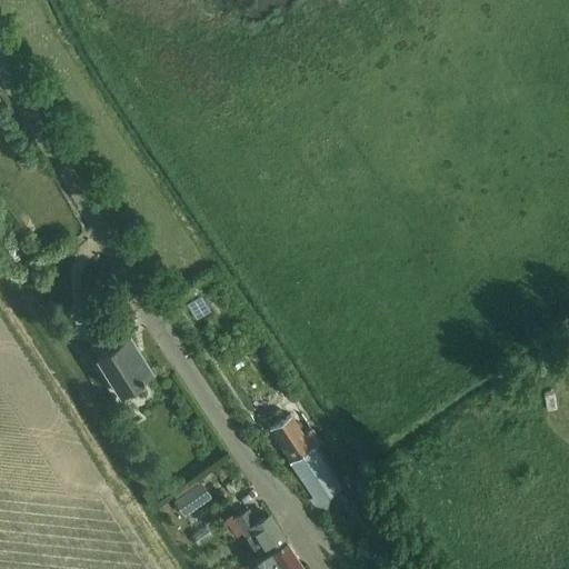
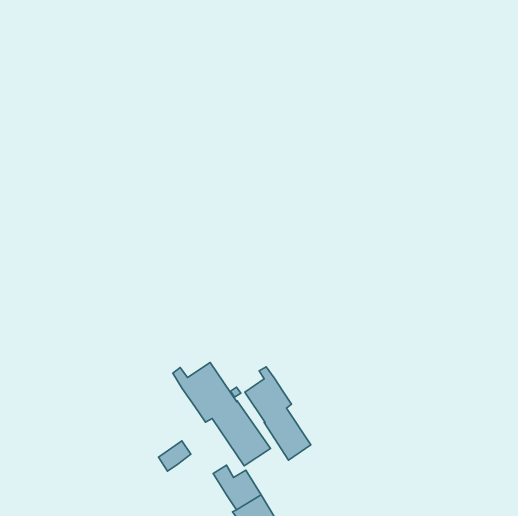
building: [98,341,152,398] -> none
building: none -> [173,363,271,466]

